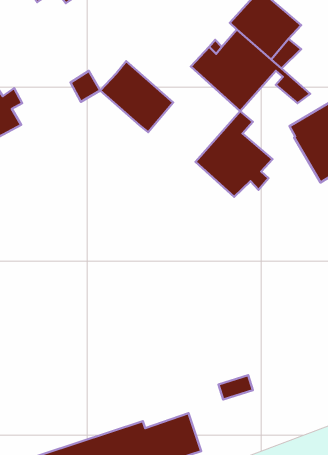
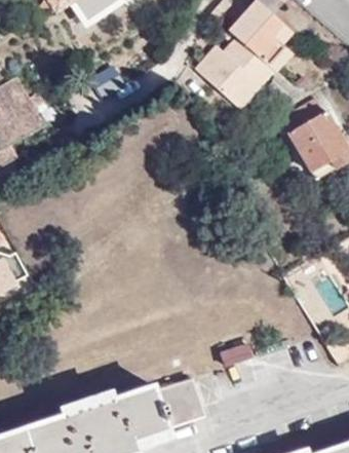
building: [100,61,173,132] -> none
building: [195,111,272,197] -> none

